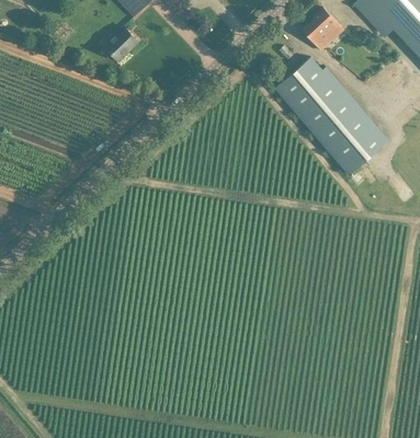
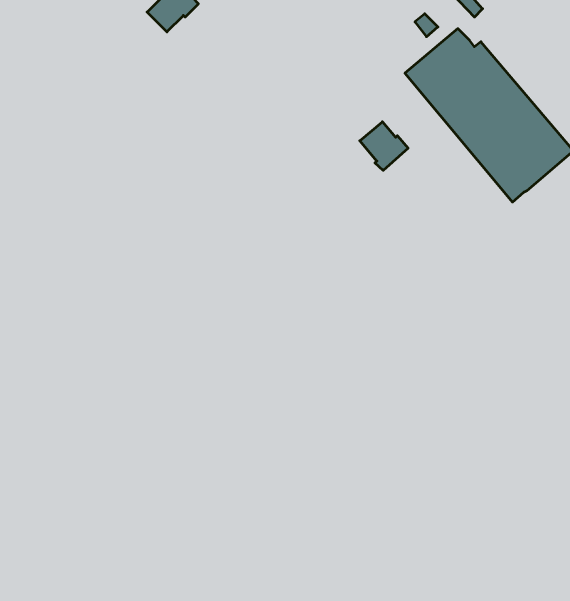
building: none -> [360,122,408,170]

